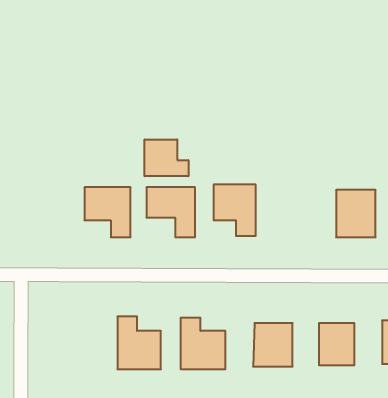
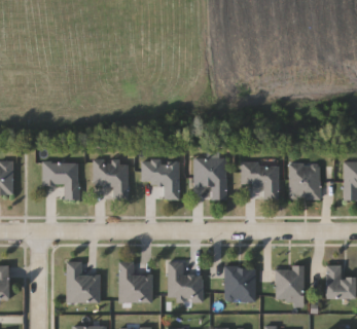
building: [145,139,188,176] -> none
building: none -> [42,161,78,199]
building: none -> [241,162,278,198]
building: none -> [67,261,100,302]

